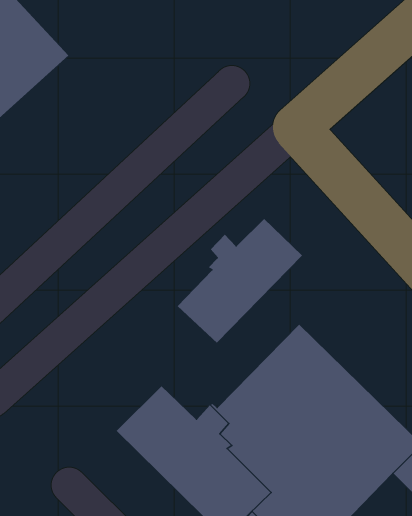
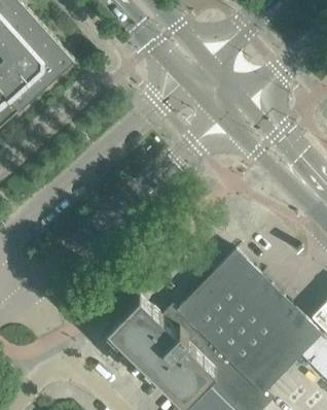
building: [177,218,303,344] -> none

